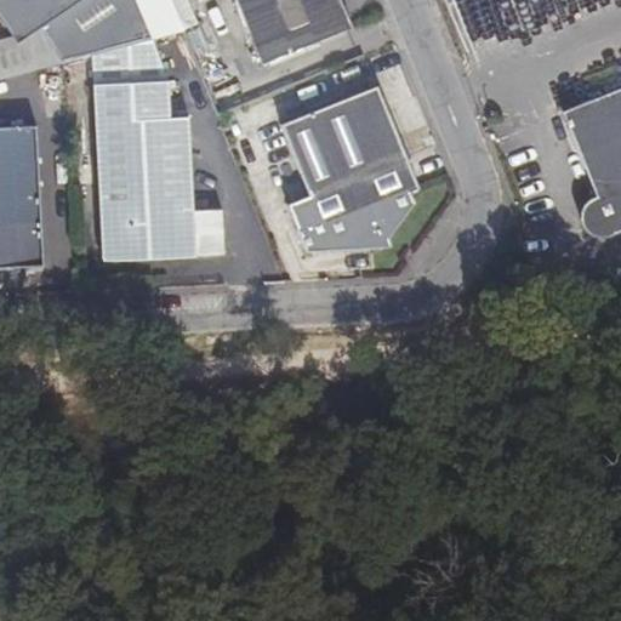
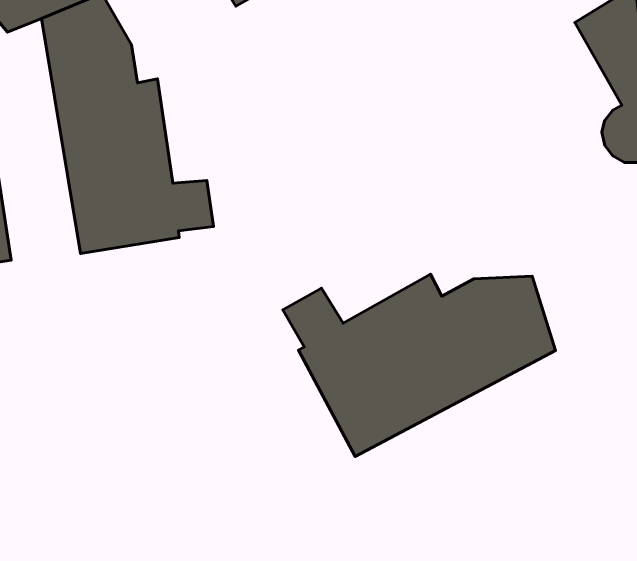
building: [280,85,421,255] -> none
building: none -> [283,274,556,456]

